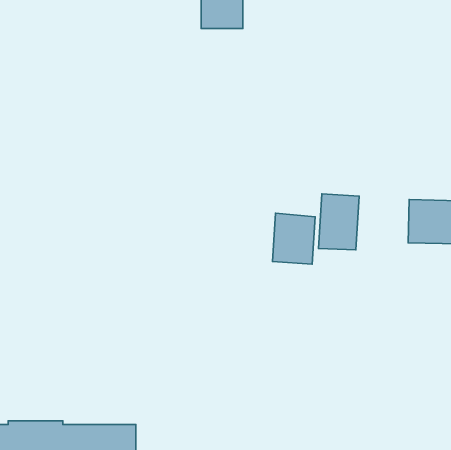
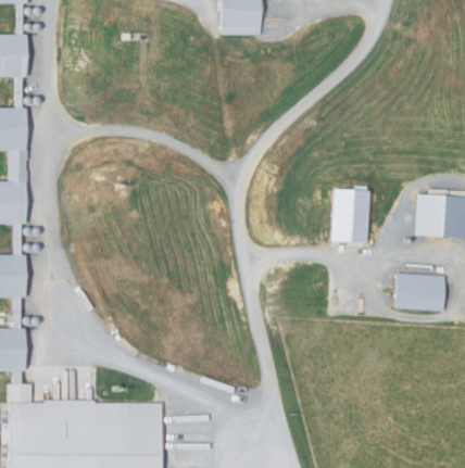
building: [272,213,315,264] -> none
building: none -> [391,274,442,313]

